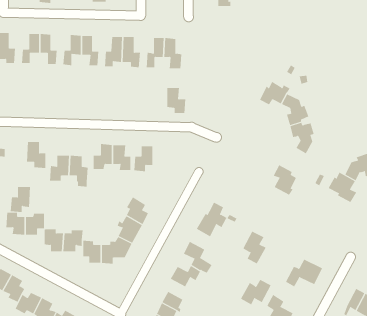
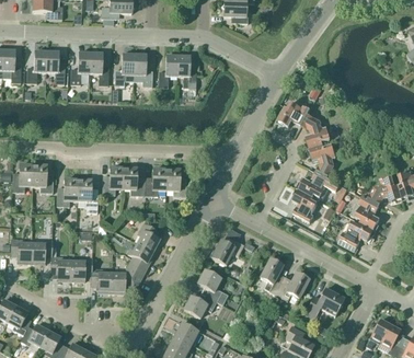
building: [166,87,186,113] -> [165,169,186,196]
building: none -> [296,171,340,199]
building: [10,187,31,213] -> [11,164,33,192]
building: none -> [340,221,376,247]
building: [240,279,271,305] -> [275,273,308,300]

